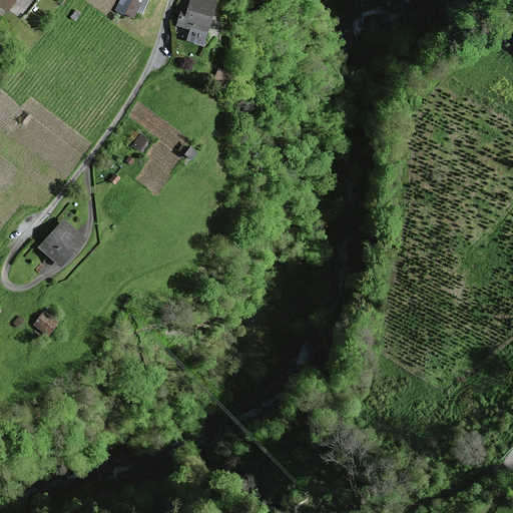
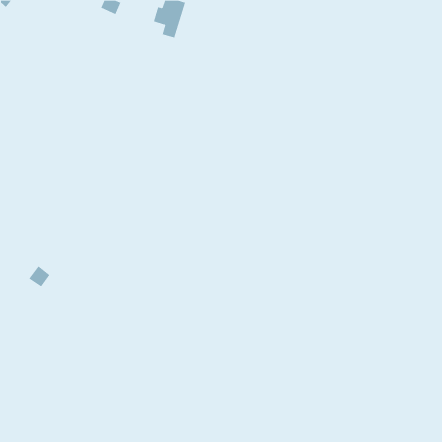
building: [40,221,84,266] -> none

